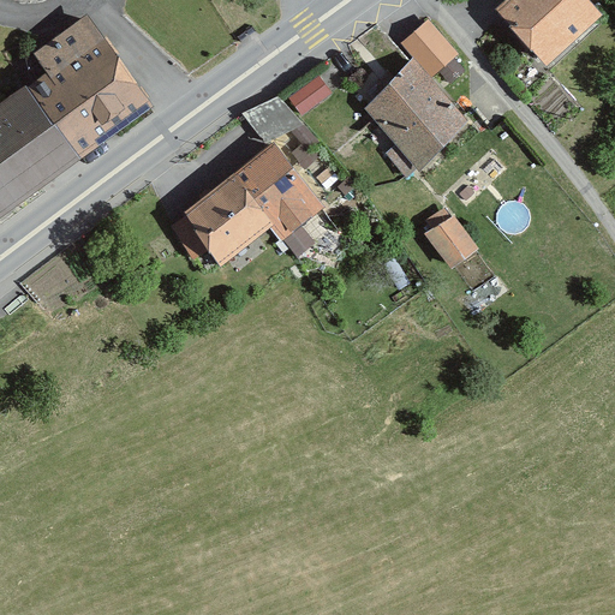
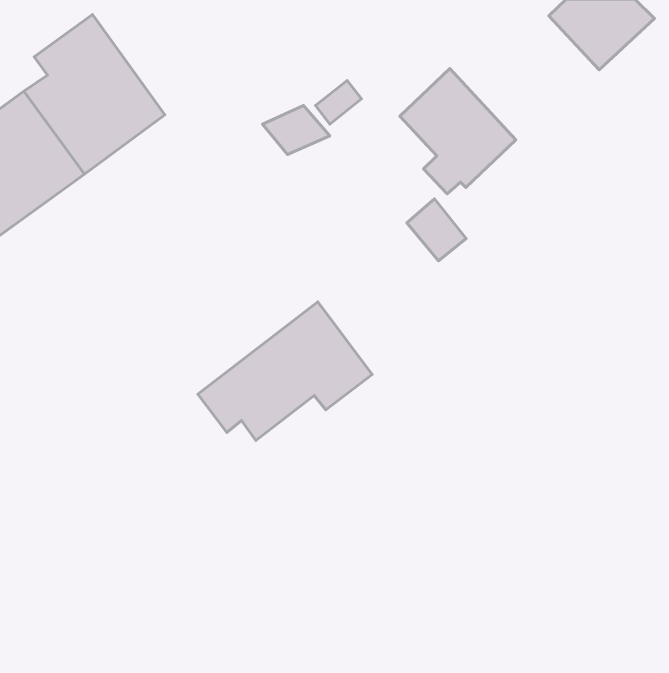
building: [401,18,458,76] -> none
building: [166,142,324,268] -> [198,302,372,440]
building: [426,214,480,270] -> [407,199,466,261]

